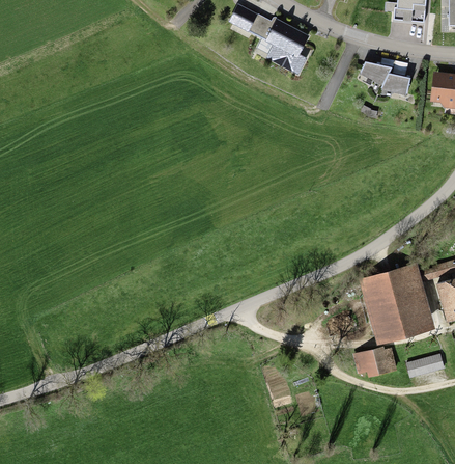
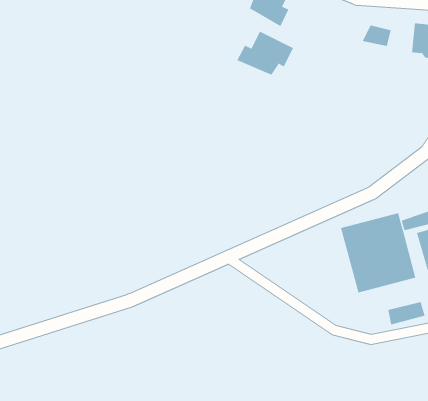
building: [360,60,392,85] -> none
building: none -> [236,31,294,76]
building: [353,346,398,377] -> none

